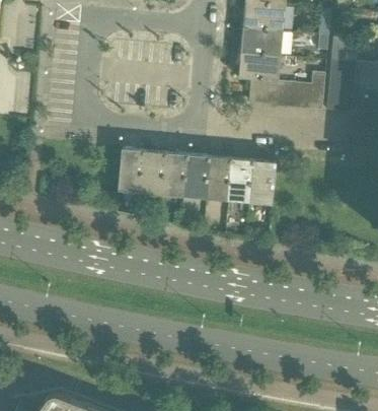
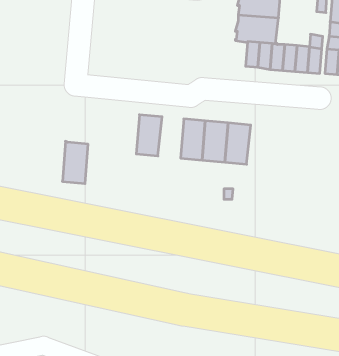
building: [118,147,143,189] -> [62,141,88,184]
building: [161,152,186,193] -> none
building: [248,160,275,201] -> none

